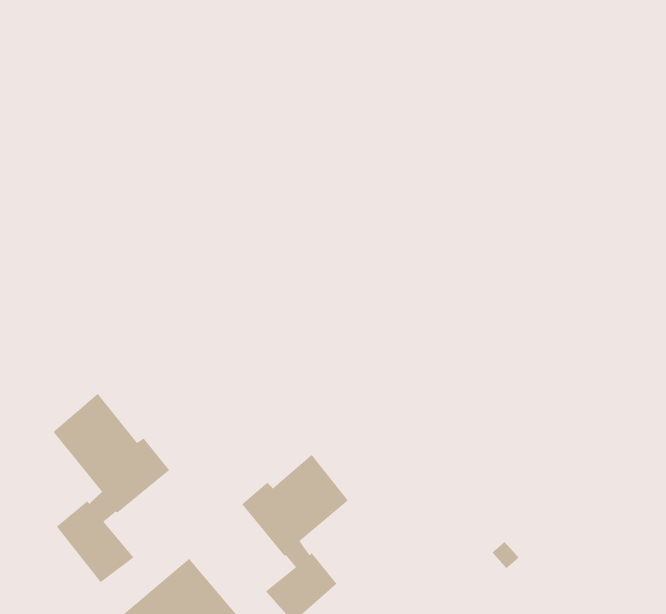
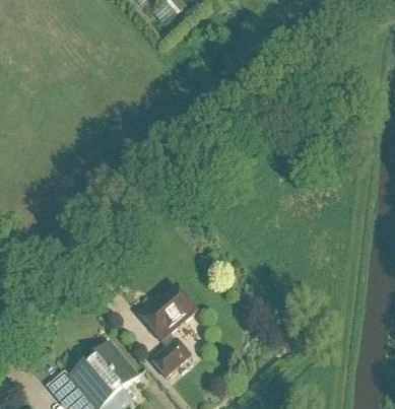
building: [52,393,170,583] -> none

